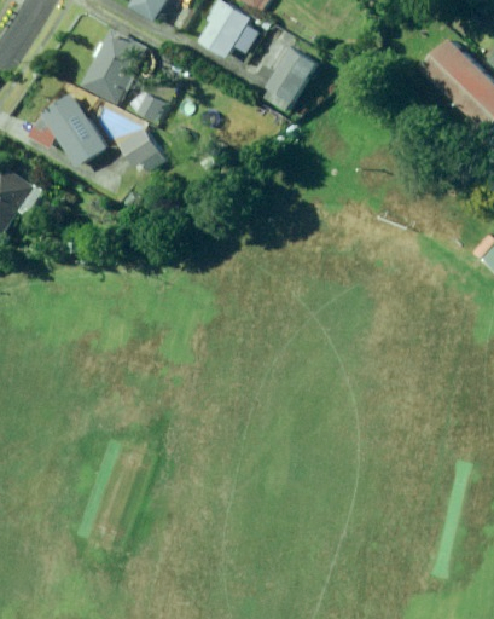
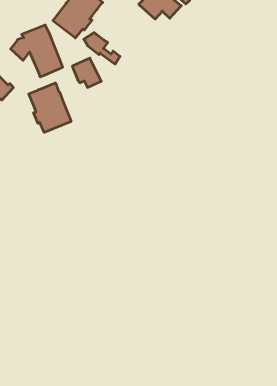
building: [263,46,316,111] -> none
building: none -> [29,83,71,132]

